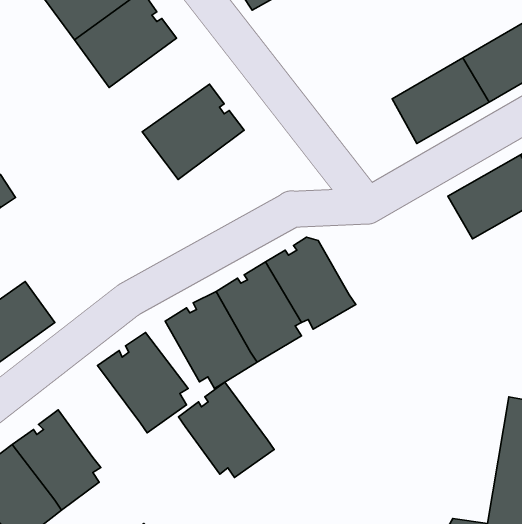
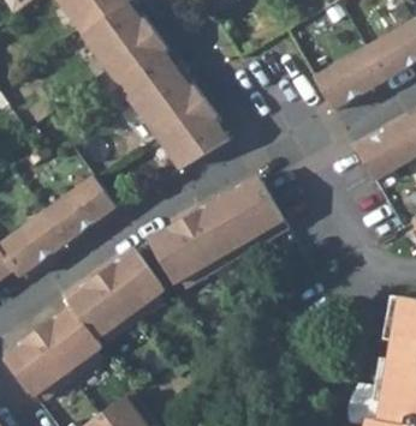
building: none -> [107,32,180,101]
building: none -> [158,100,228,167]
building: none -> [46,175,115,240]
building: [179,382,274,478] -> [65,271,135,341]

